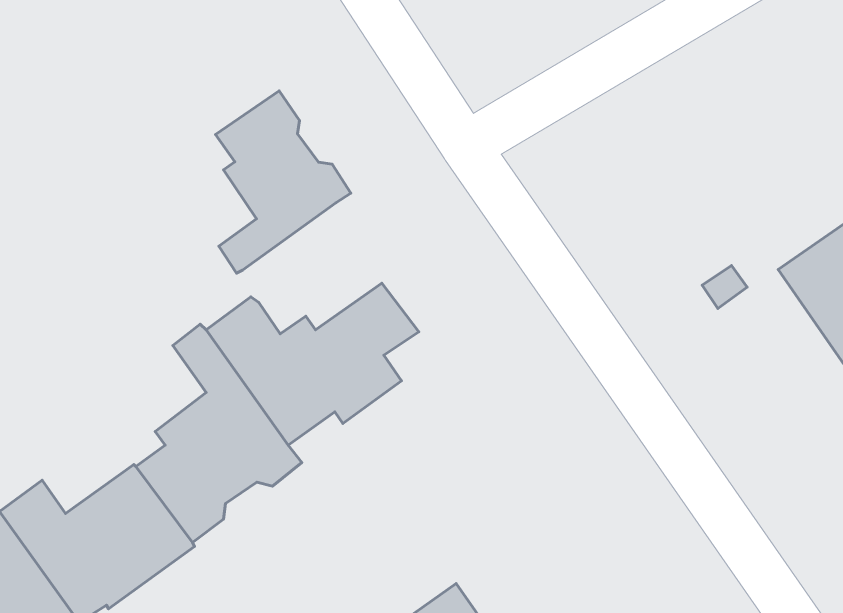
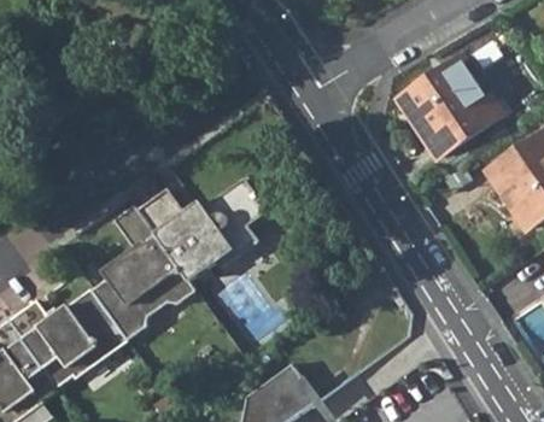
building: none -> [398,55,498,156]
building: [215,91,351,273] -> none

